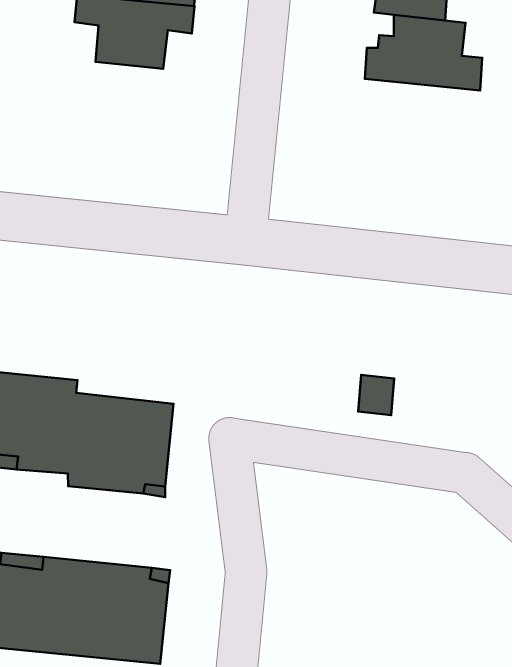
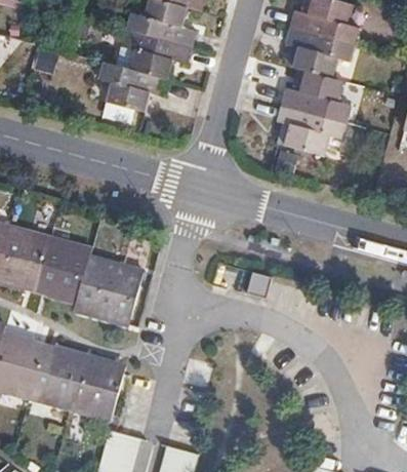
building: none -> [99,63,168,111]
building: none -> [277,105,347,155]

